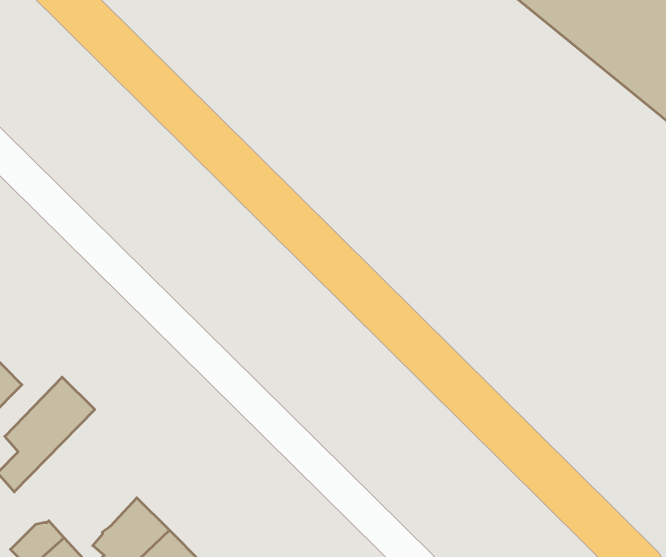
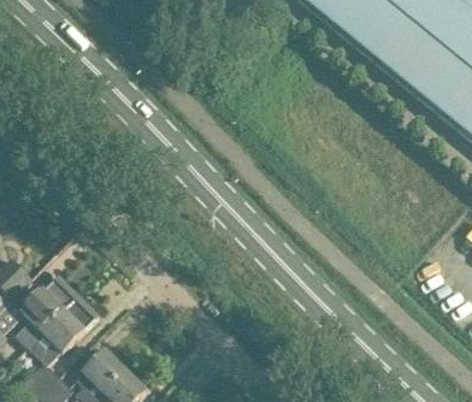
building: none -> [28,290,99,356]

